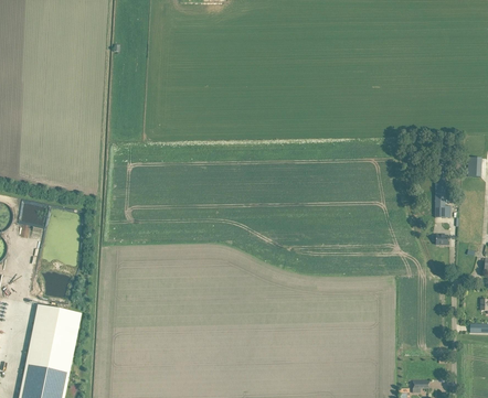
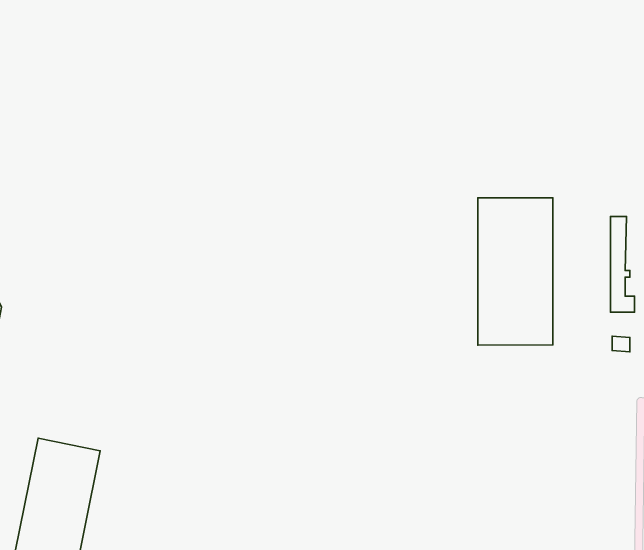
building: none -> [478,198,553,345]

